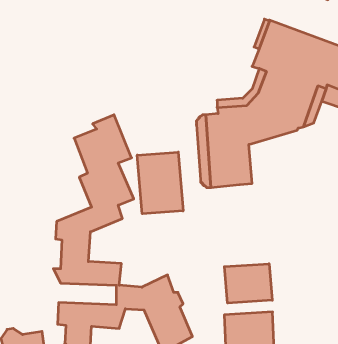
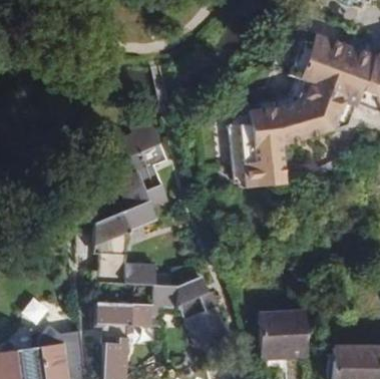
building: [137,152,183,214] -> none
building: [224,264,272,303] -> none

